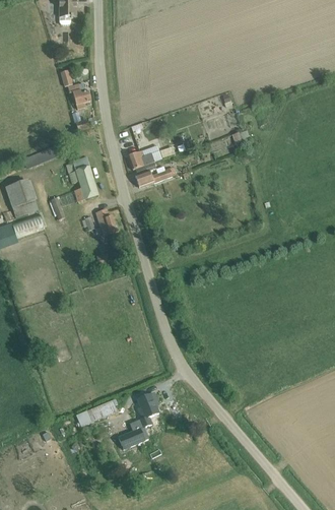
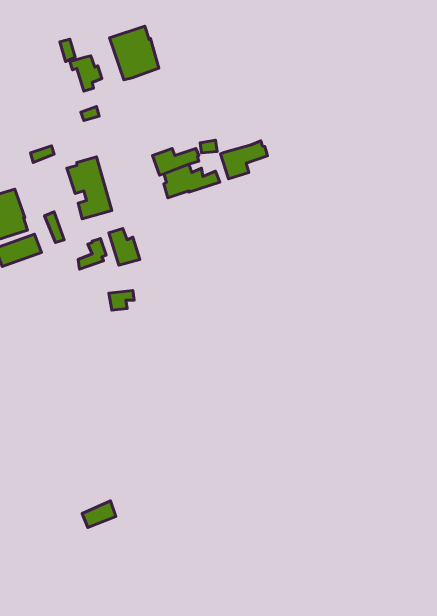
building: none -> [110,26,159,80]
building: none -> [221,141,267,179]
building: [118,391,157,447] -> none

